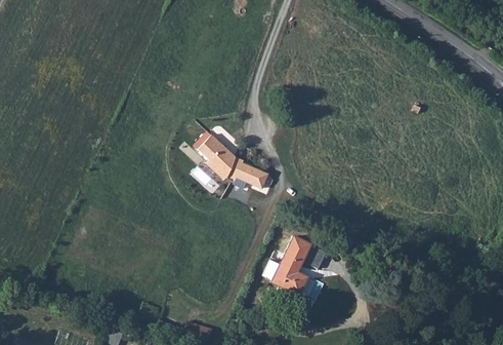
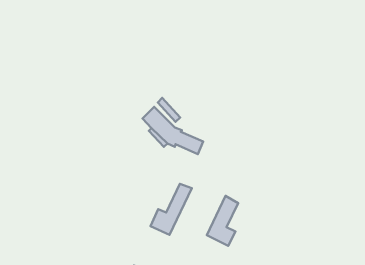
building: none -> [150,184,192,235]

